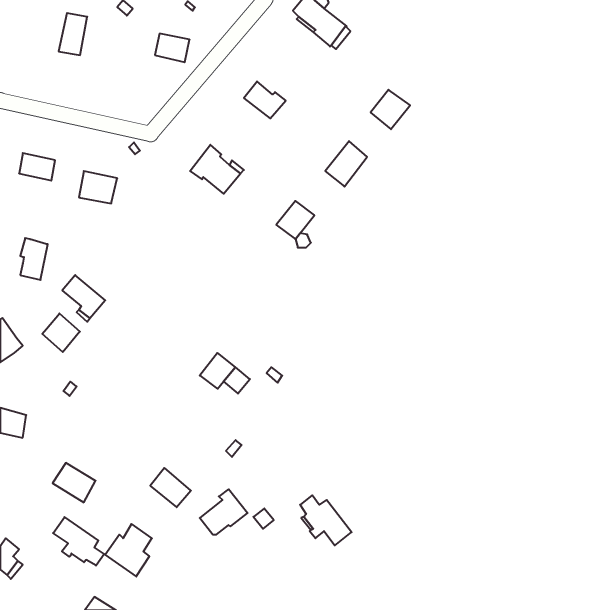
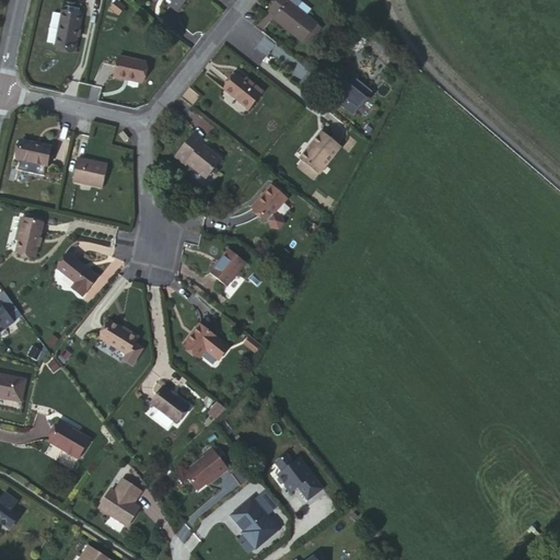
building: [155,34,190,62] -> [114,55,145,81]
building: none -> [208,248,243,284]
building: [42,313,80,352] -> none
building: none -> [100,318,138,351]
building: [150,468,191,507] -> [148,385,185,421]
building: [53,517,104,566] -> none
building: none -> [230,498,278,548]

